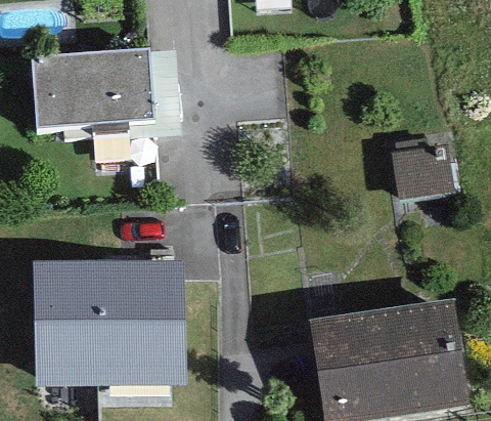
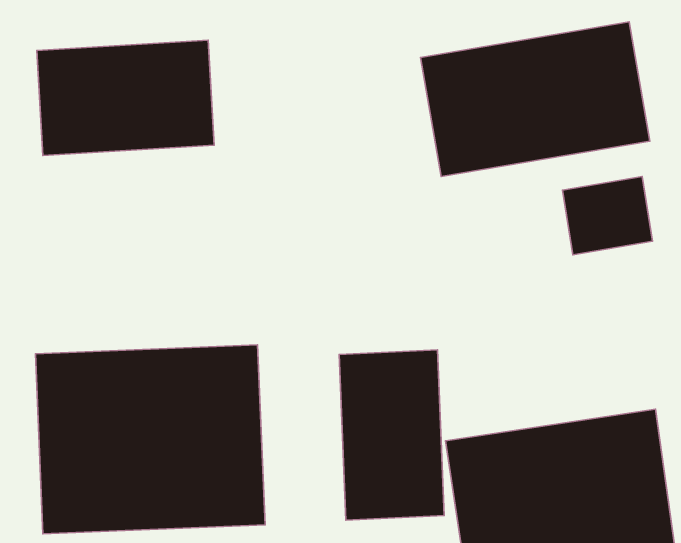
building: none -> [420,22,650,177]
building: none -> [339,350,444,520]

